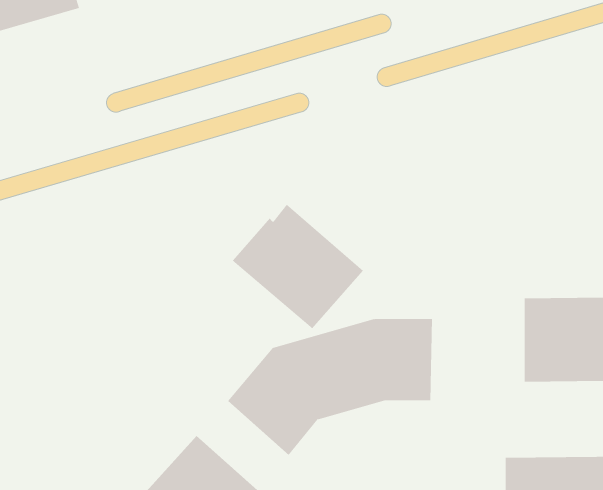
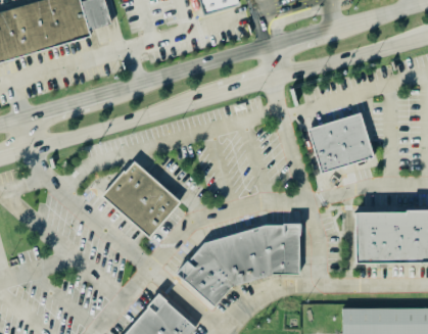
building: none -> [308,113,374,173]
building: [232,204,364,329] -> [101,162,180,237]

